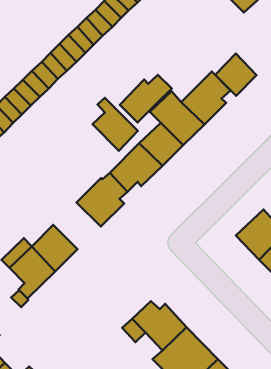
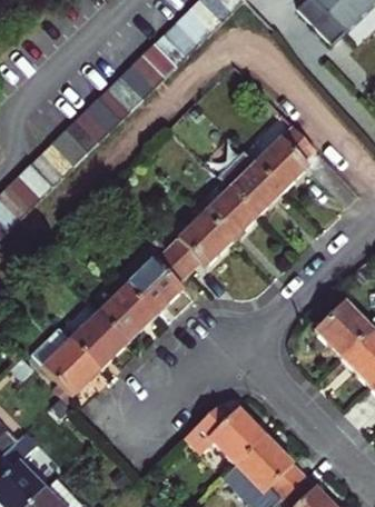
building: [215,53,257,96] -> none
building: [120,75,172,123] -> none
building: [92,98,138,151] -> none
building: none -> [96,287,155,345]

